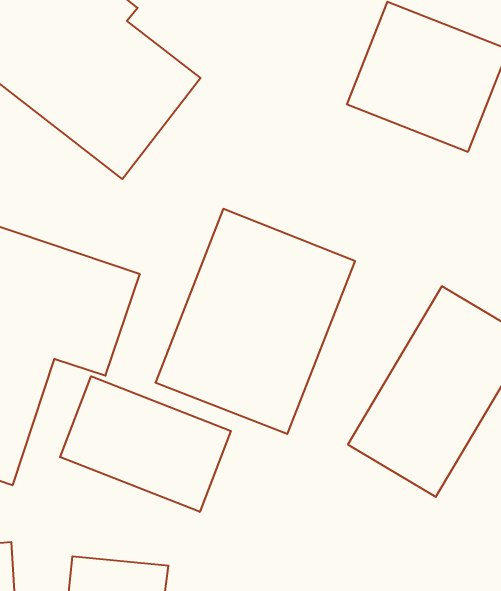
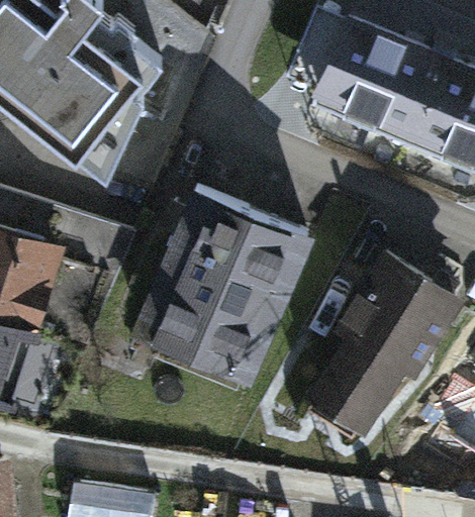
building: [60,376,231,512] -> none

